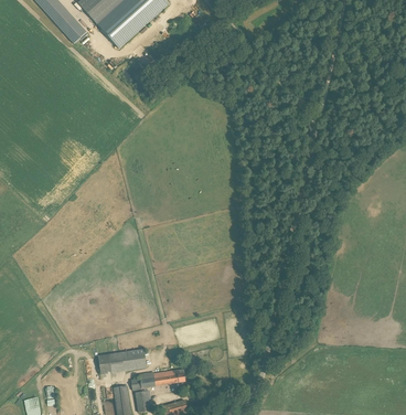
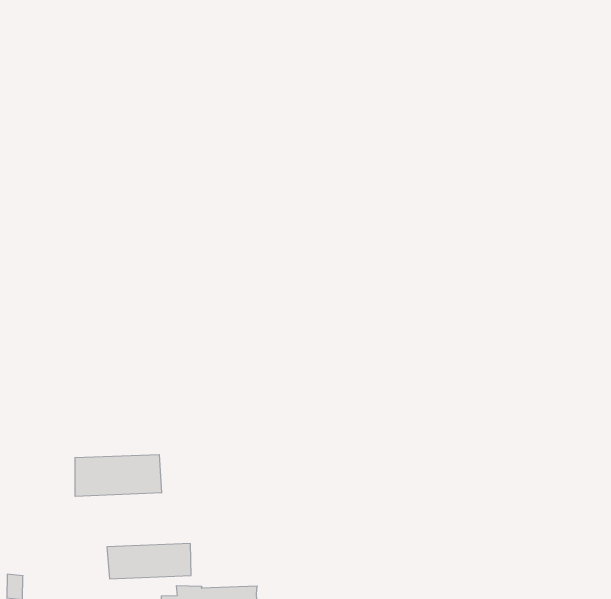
building: none -> [75,455,161,496]

